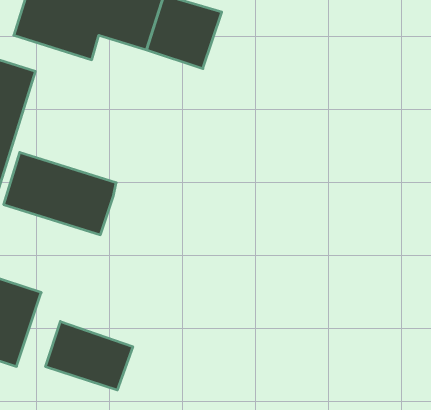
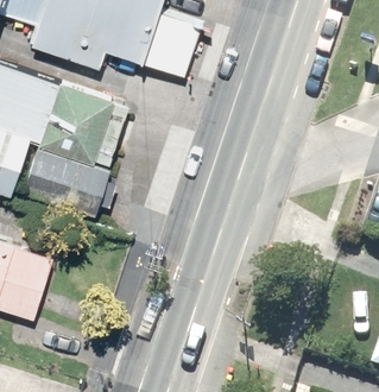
building: none -> [43,77,131,165]
building: [46,321,133,390] -> none

